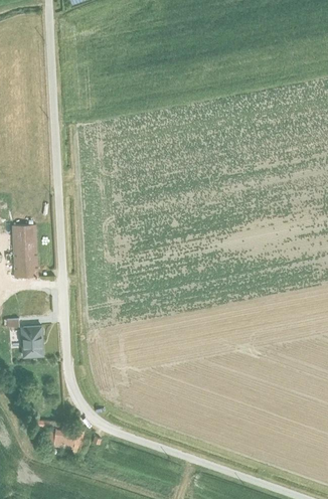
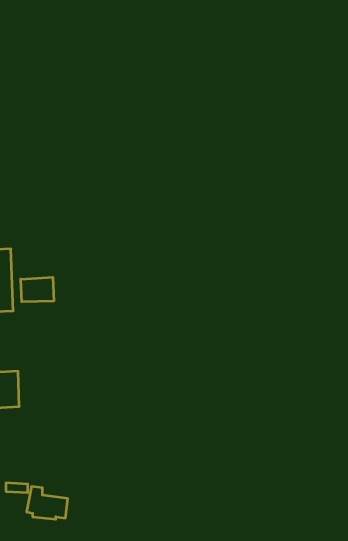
building: none -> [21,277,54,302]

